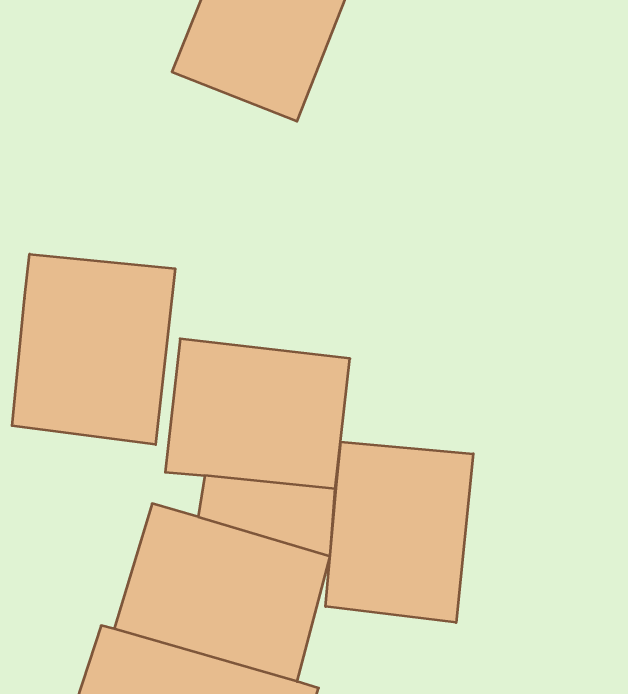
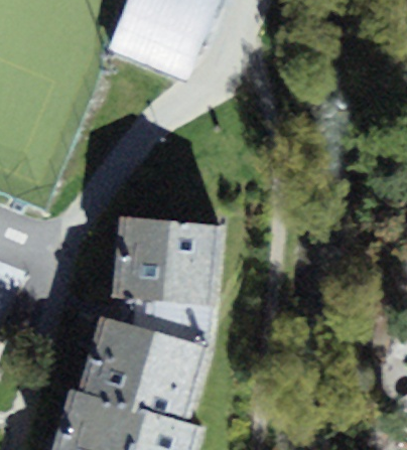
building: [12,254,175,445] -> none
building: [326,442,473,623] -> none

